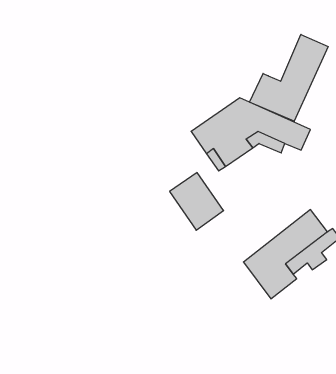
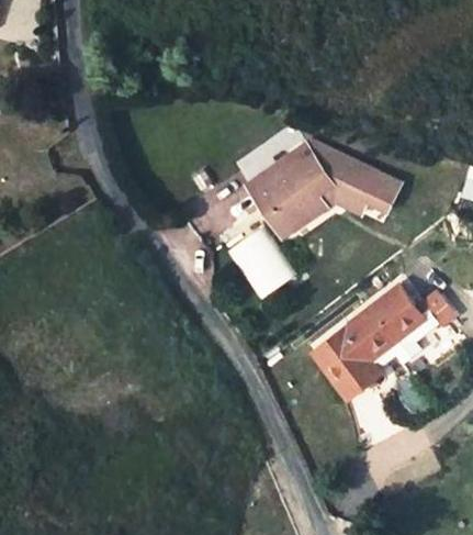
building: [250,34,328,121] -> none

